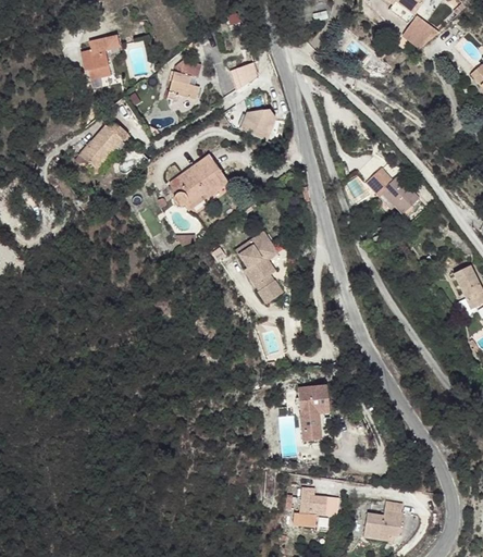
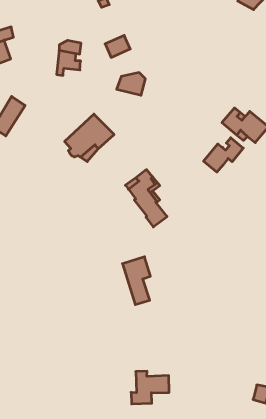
building: none -> [204,138,243,172]
building: [295,384,327,442] -> [122,257,150,305]
building: [294,486,344,528] -> [131,371,169,404]

